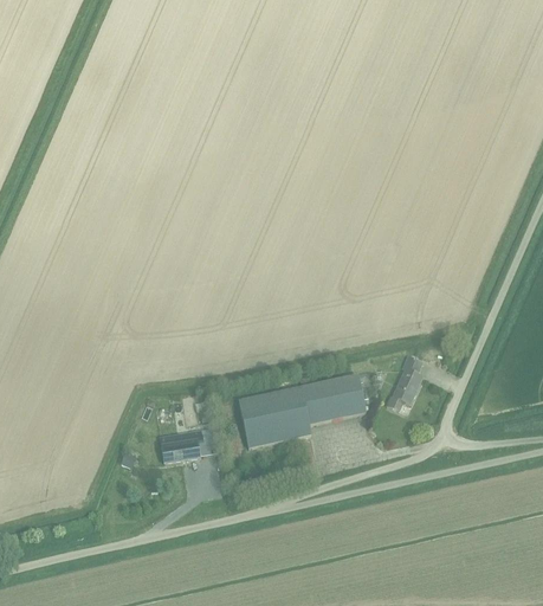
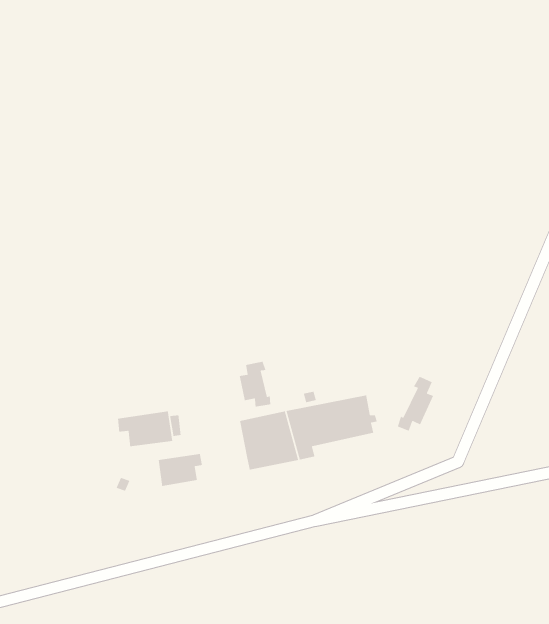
building: none -> [239,361,271,408]
building: none -> [117,411,173,447]

